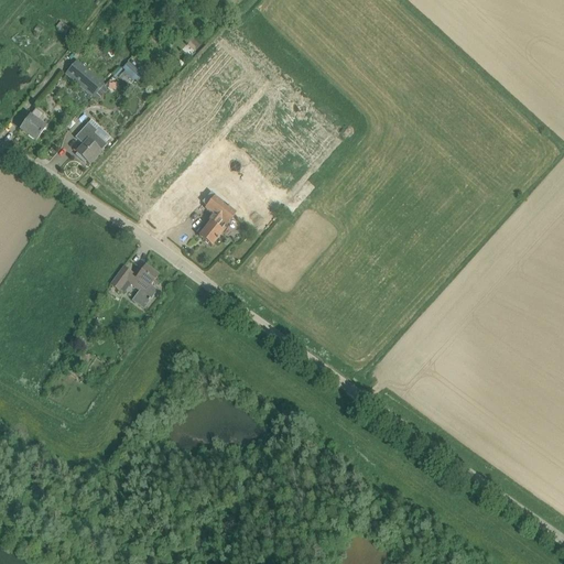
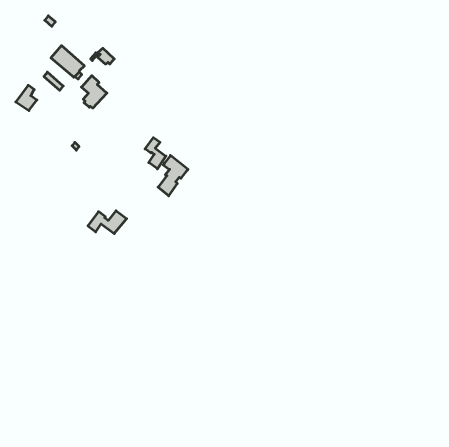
building: [75,121,107,162] -> [81,76,107,108]
building: none -> [145,138,166,169]

